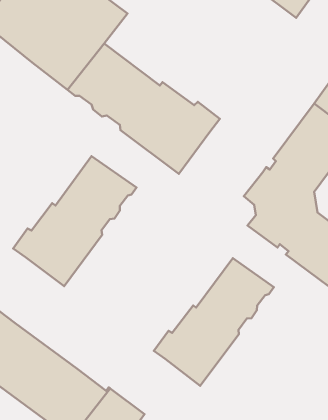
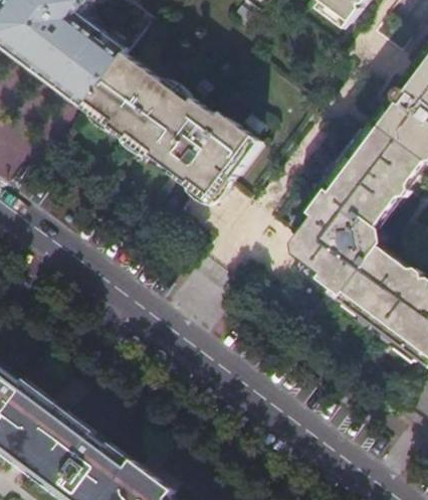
building: [13,156,137,286] -> none
building: [154,258,274,386] -> none

